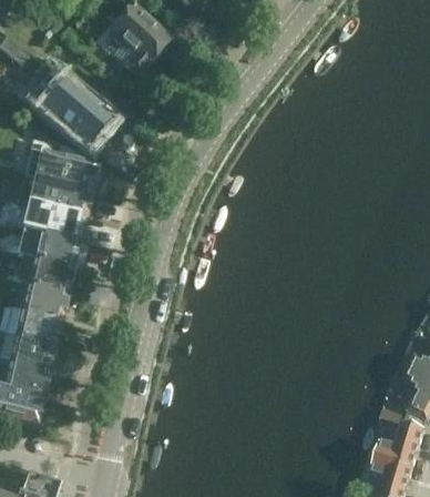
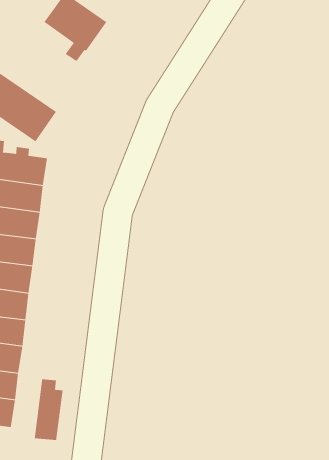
building: none -> [34,378,63,441]

